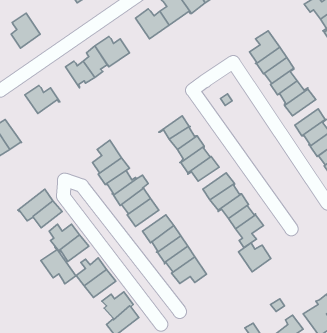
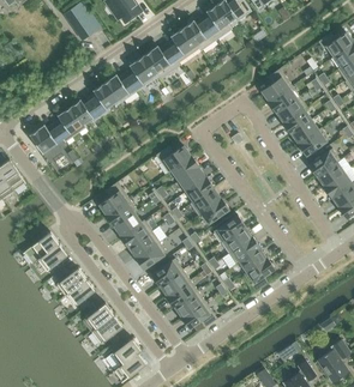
building: [11,13,40,48] -> [55,105,85,141]
building: none -> [127,55,157,91]
building: none -> [155,145,191,173]
building: [238,243,271,272] -> none
building: [41,246,76,284] -> none

